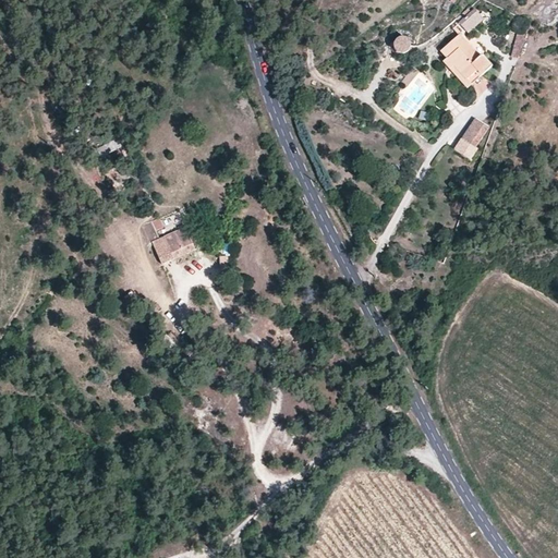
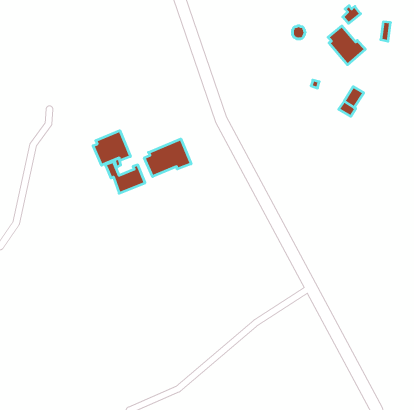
building: none -> [93,131,130,165]
building: none -> [144,139,191,177]

